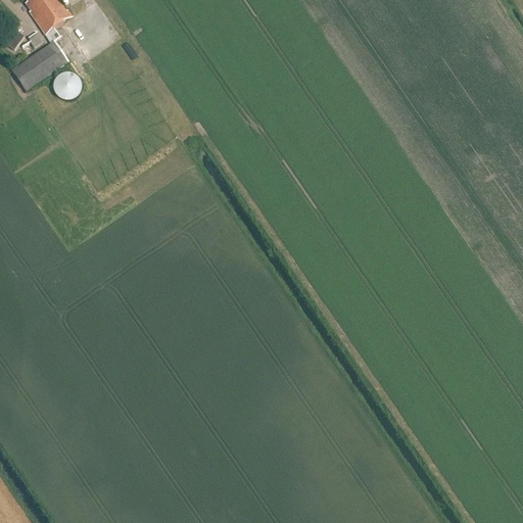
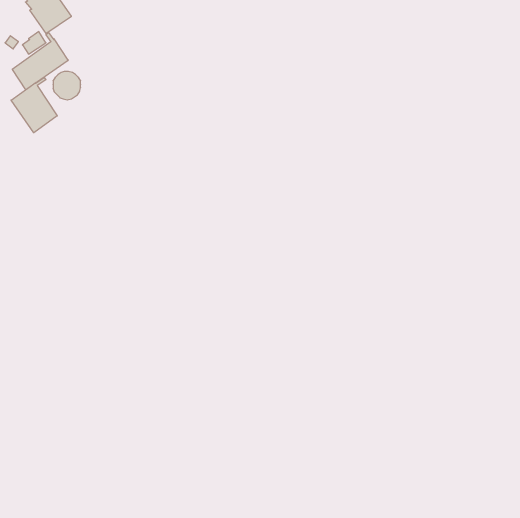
building: none -> [11,77,57,133]

